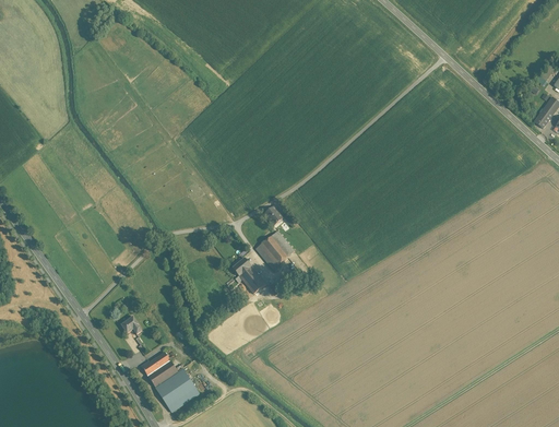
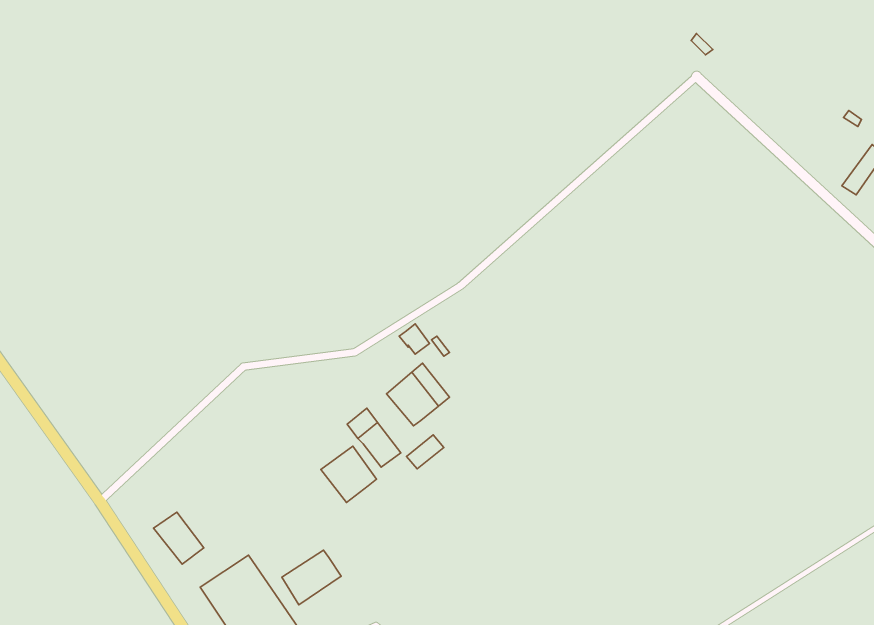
building: none -> [321,446,377,502]
building: none -> [282,550,341,605]

